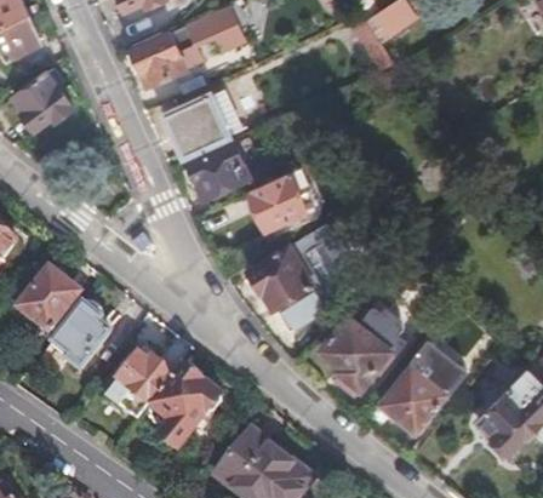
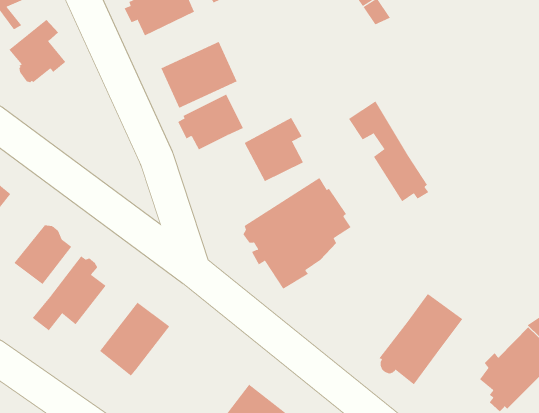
building: none -> [348,100,429,202]
building: [321,303,406,388] -> none
building: [142,361,222,447] -> none

